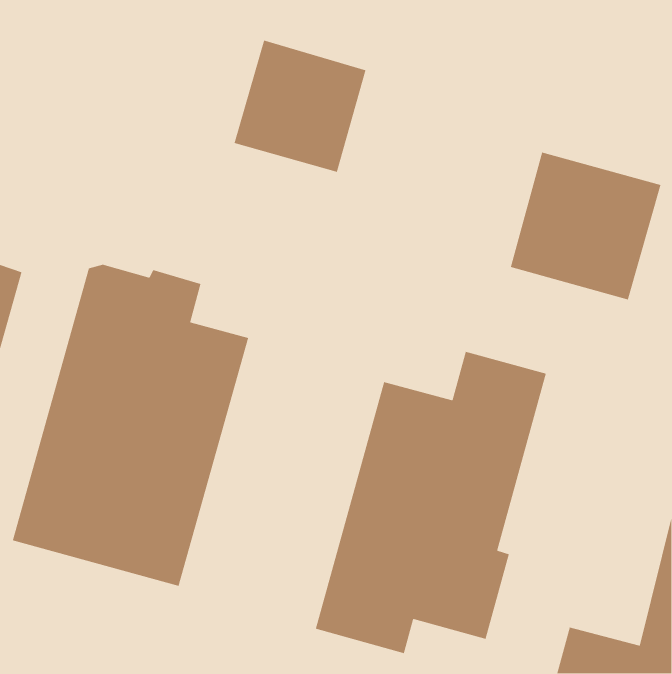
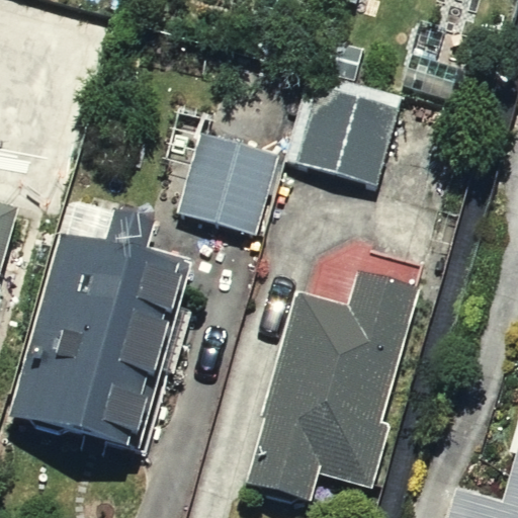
building: [233,39,366,173] -> [176,134,278,236]
building: [510,152,661,301] -> [285,73,402,187]

